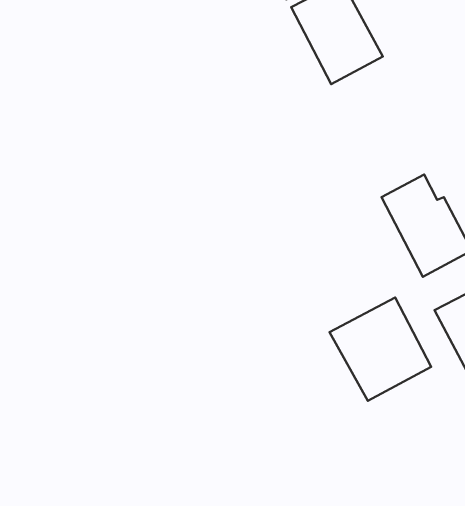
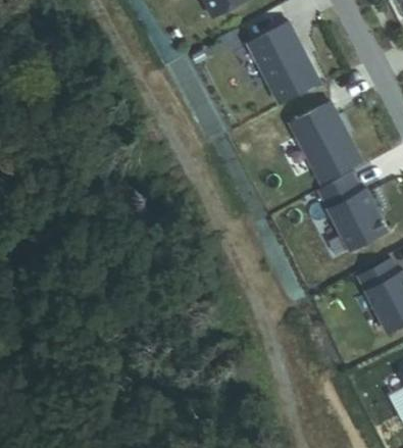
building: none -> [290,102,361,182]
building: [329,297,431,401] -> none

